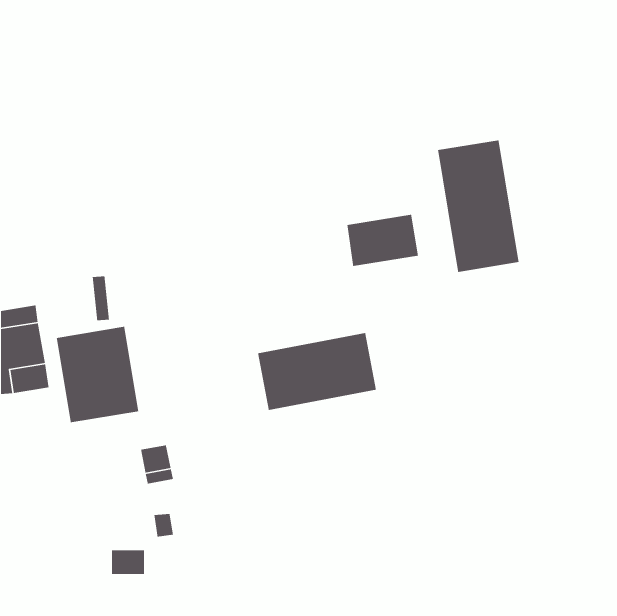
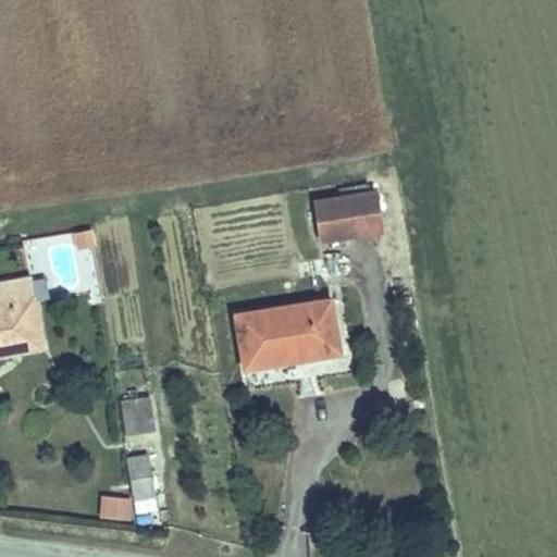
building: [437,139,519,273] -> none
building: [56,326,139,423] -> none

